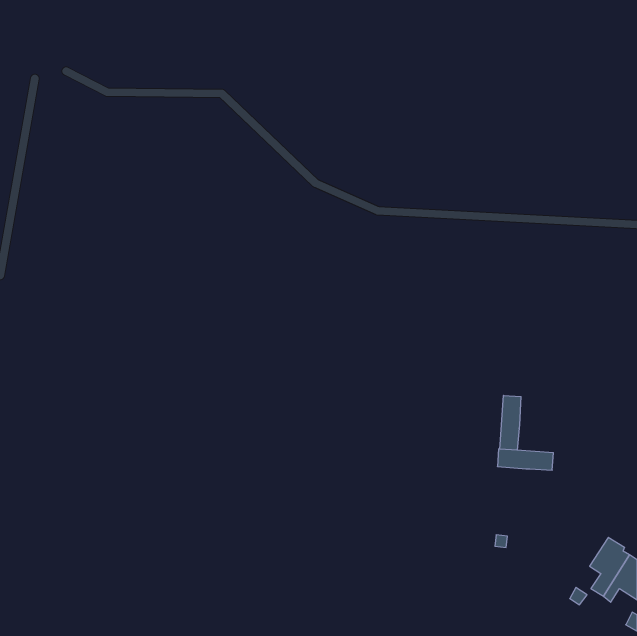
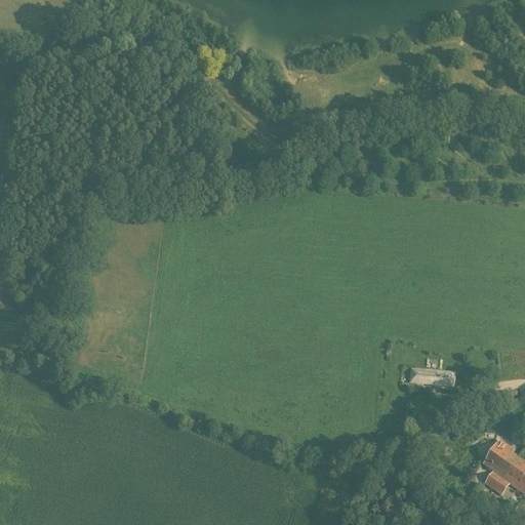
building: [500,395,521,450] -> none

